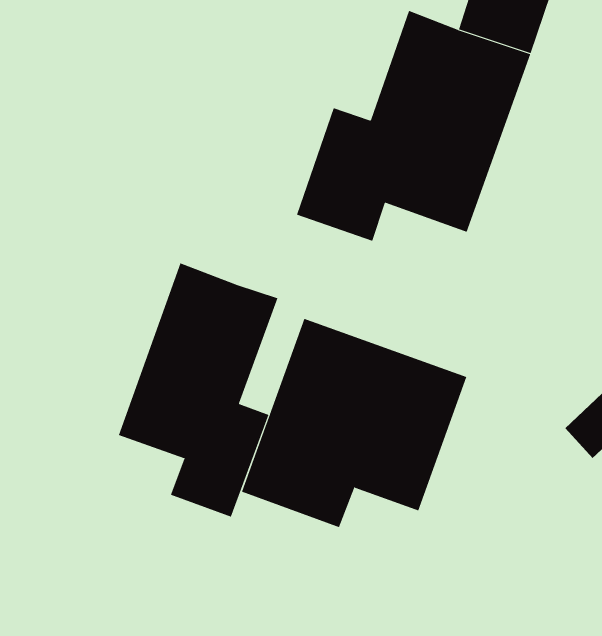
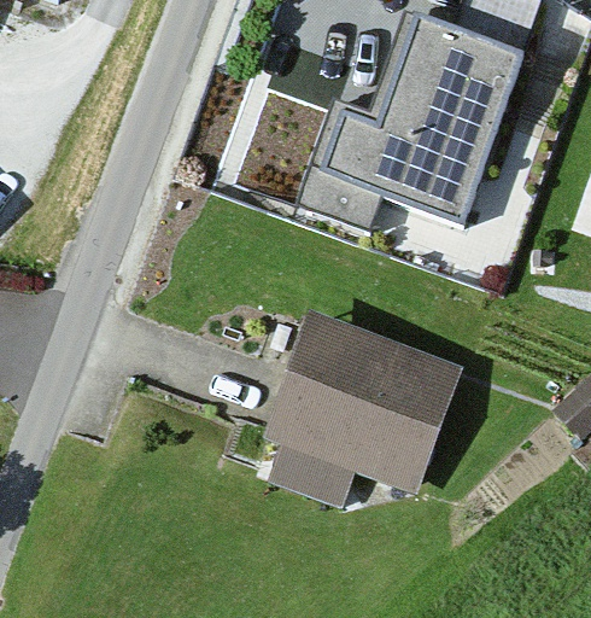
building: [118,262,278,518] -> none

